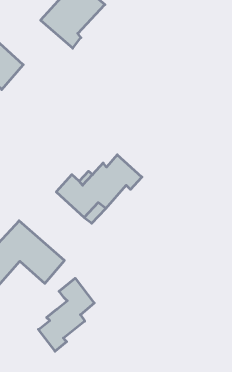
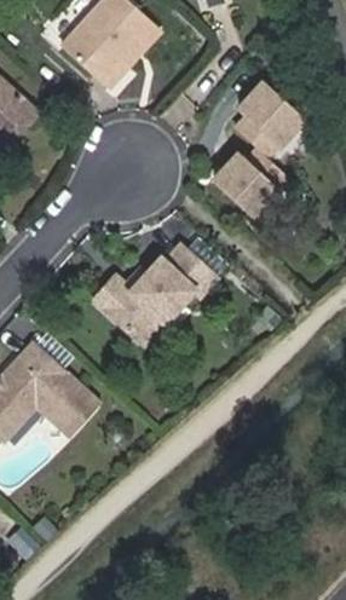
building: none -> [214,85,300,217]
building: [38,278,94,351] -> none

